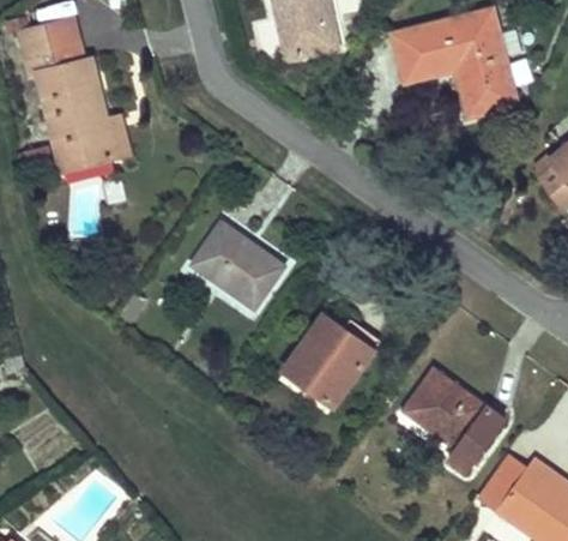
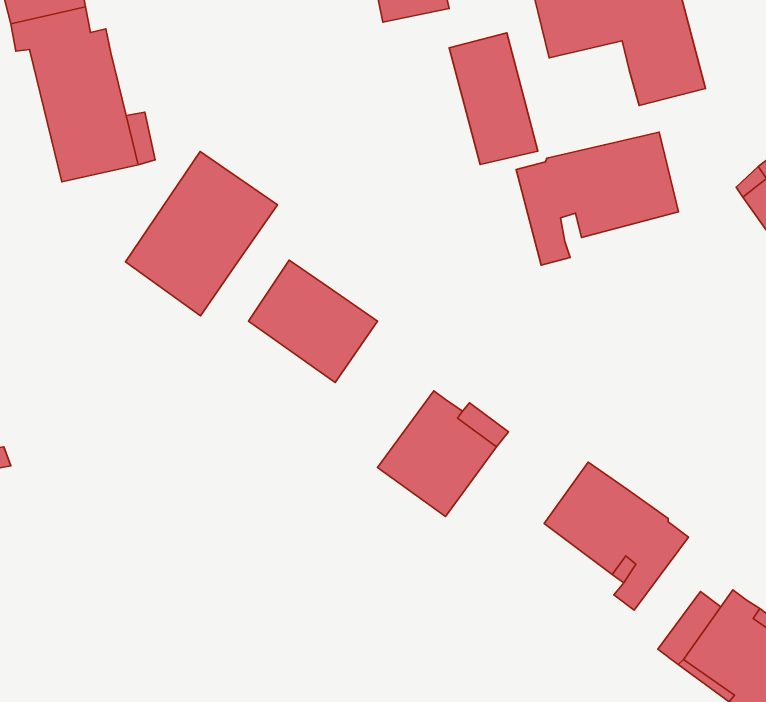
building: none -> [449,33,538,165]
building: none -> [516,132,678,265]
building: none -> [125,151,278,316]

